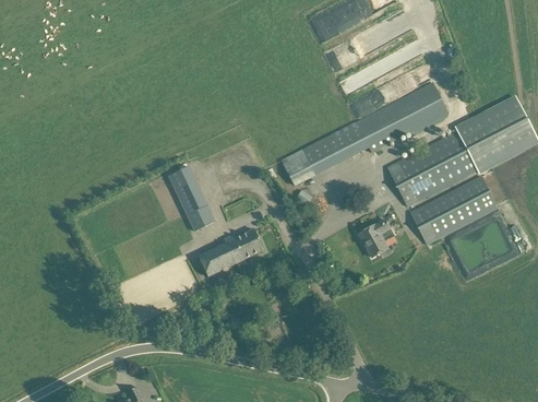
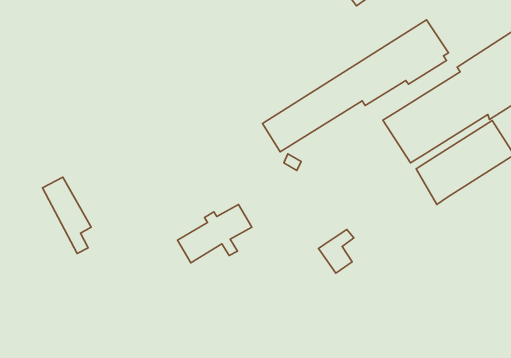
building: [169,174,208,241] -> [43,177,91,254]
building: [359,218,391,256] -> [318,230,354,273]

